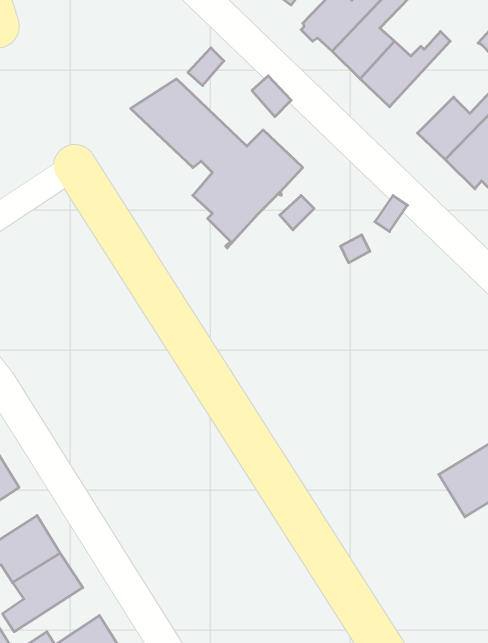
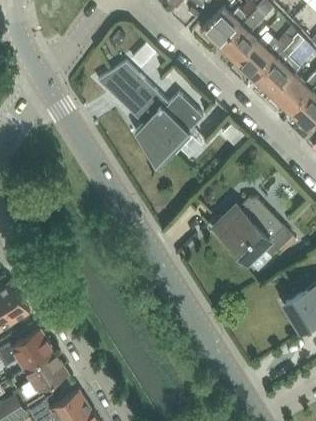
building: none -> [255,34,304,96]
building: none -> [214,198,293,262]

